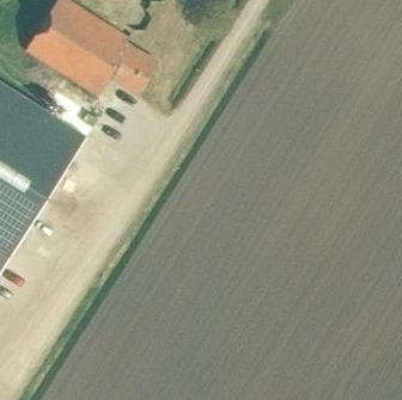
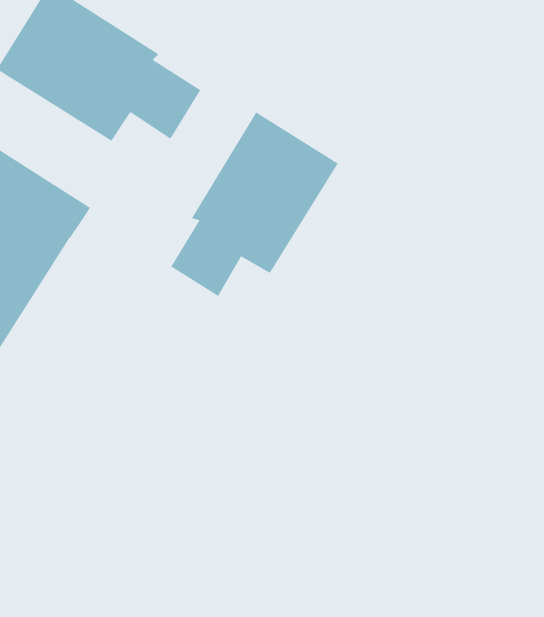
building: none -> [171,112,339,297]

